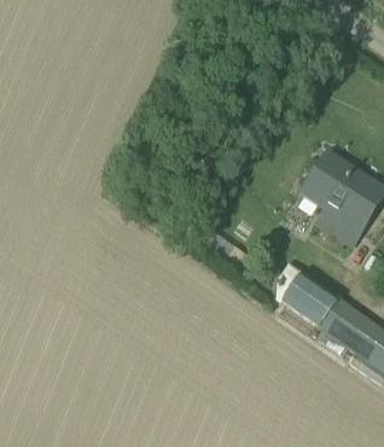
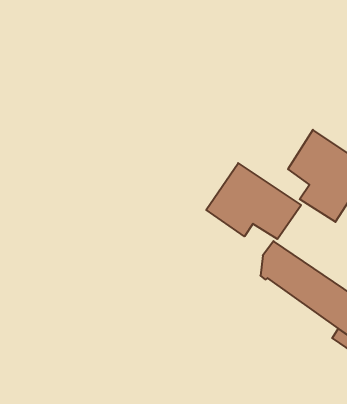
building: none -> [206,163,301,239]

